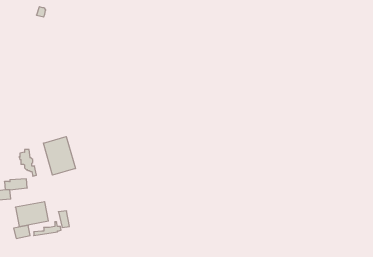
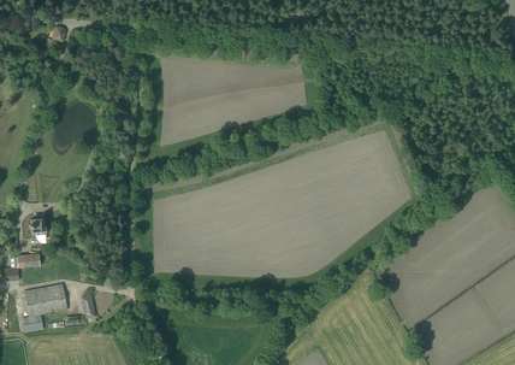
building: [43,137,75,175] -> none

